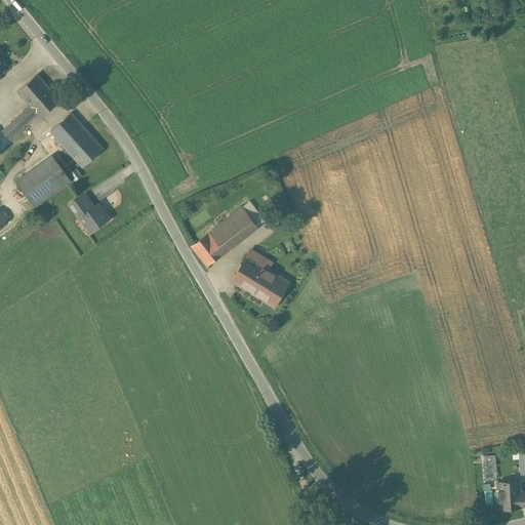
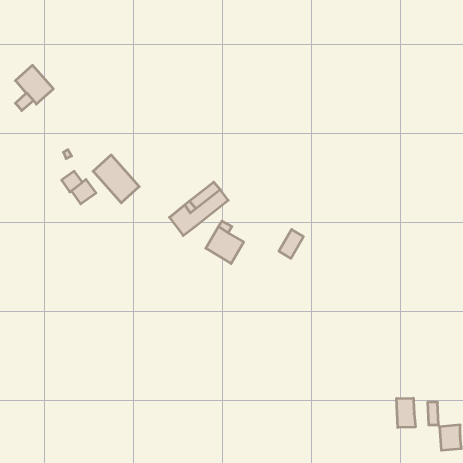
building: [50,113,103,167] -> [93,155,139,203]
building: [16,155,71,206] -> none
building: [261,274,289,307] -> [279,229,303,258]
building: none -> [397,398,415,428]

